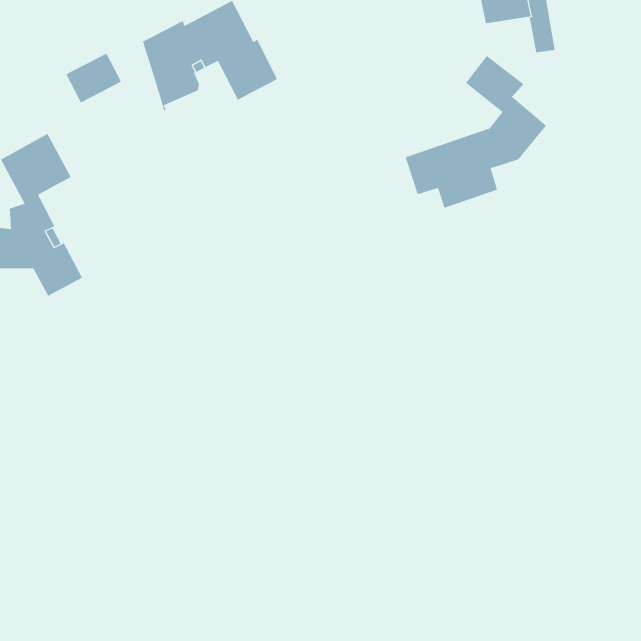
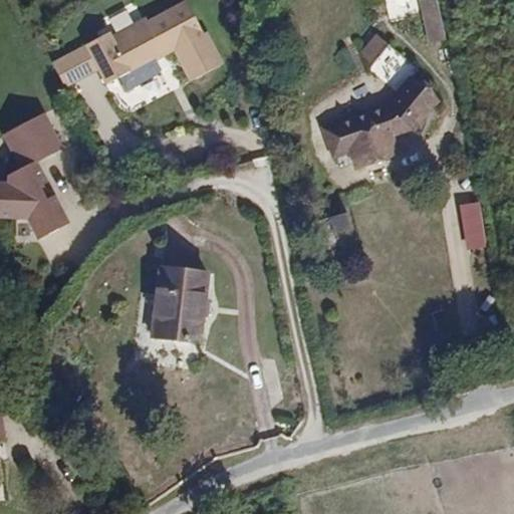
building: none -> [85,30,131,90]
building: none -> [460,202,487,251]
building: none -> [153,268,205,341]

